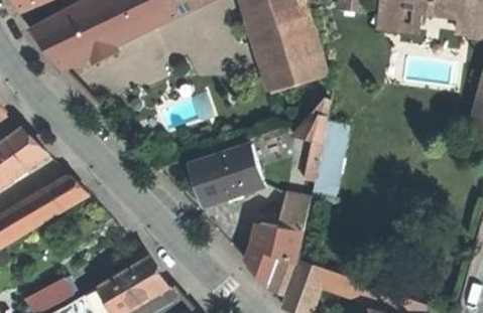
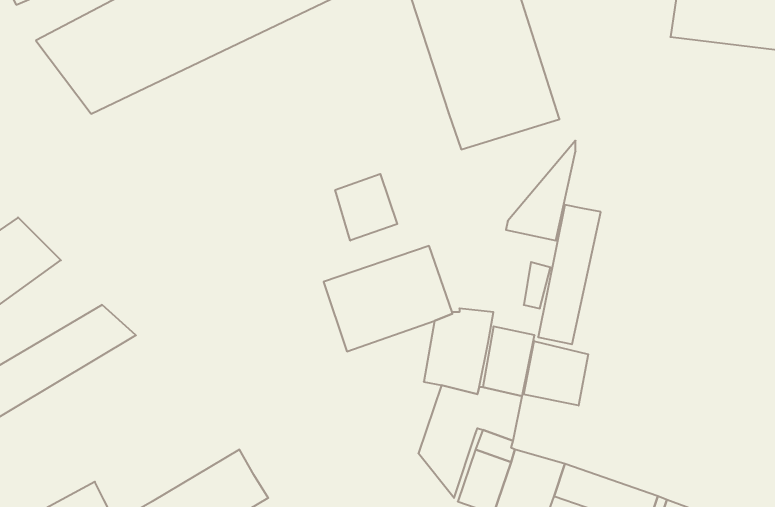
building: none -> [335,174,397,241]
building: none -> [524,341,588,406]

